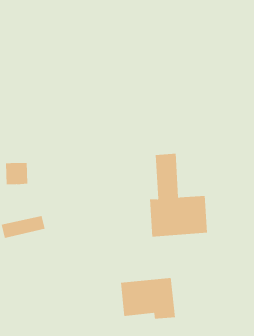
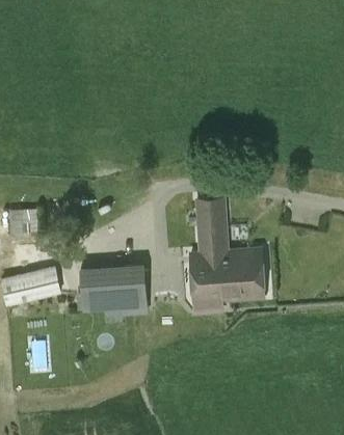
building: [120,278,176,319] -> [79,263,149,315]

